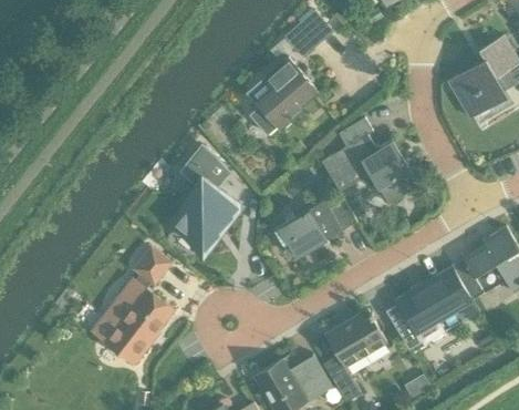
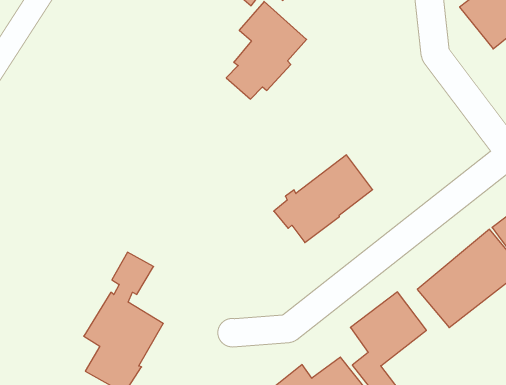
building: [322,117,418,204] -> none
building: [176,146,241,250] -> none

